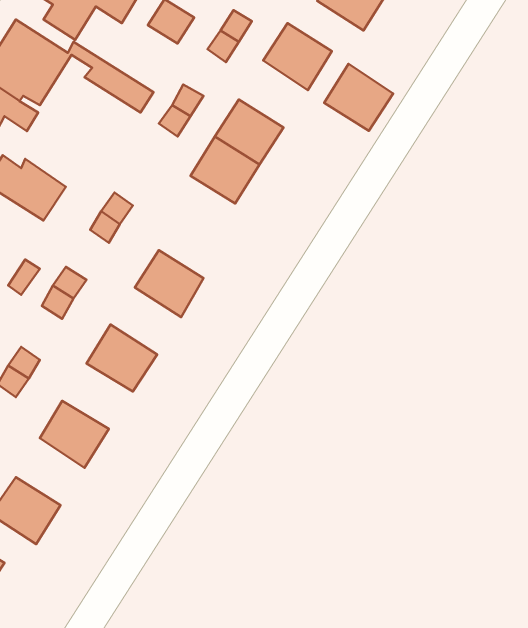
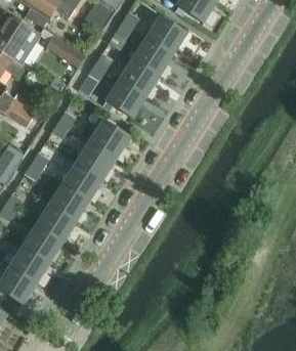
building: [324,64,393,131] -> [133,38,171,75]
building: none -> [89,121,128,158]
building: none -> [62,163,101,200]
building: none -> [36,205,75,240]
building: none -> [10,246,48,282]

